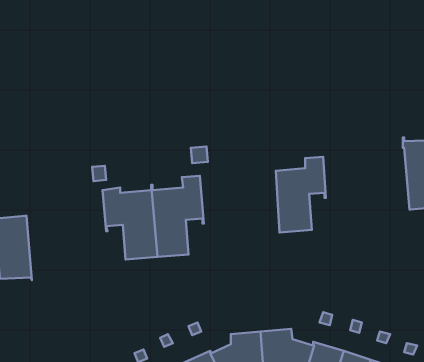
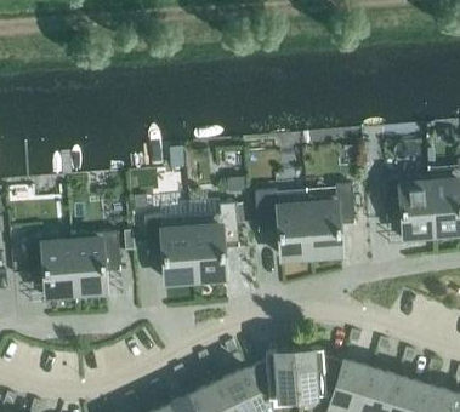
building: none -> [384,176,436,241]
building: none -> [256,188,312,258]
building: none -> [70,230,121,301]

